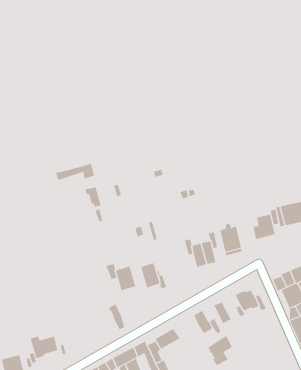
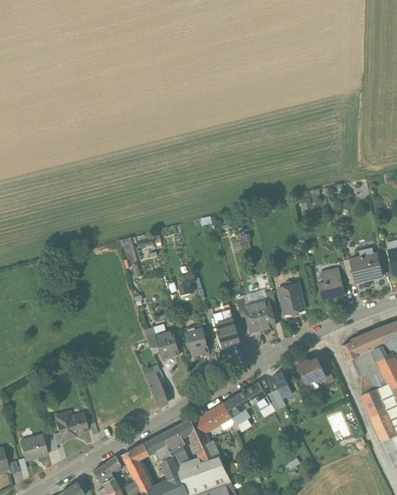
building: [55,163,94,181] -> none
building: none -> [216,319,240,346]
building: [207,335,233,366] -> [224,389,254,425]

